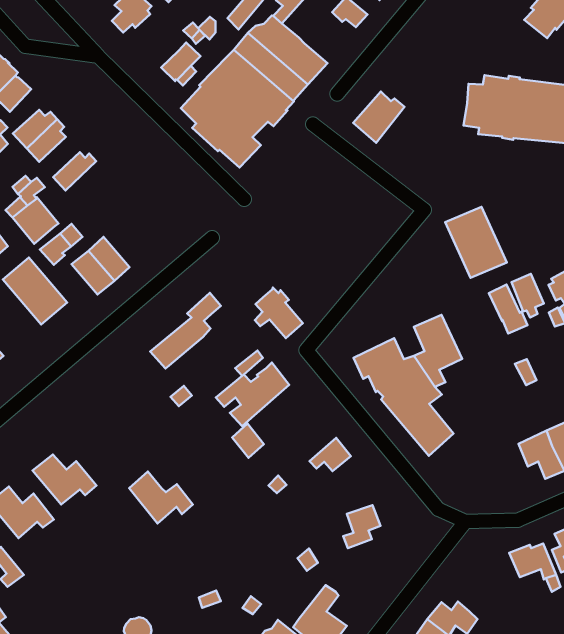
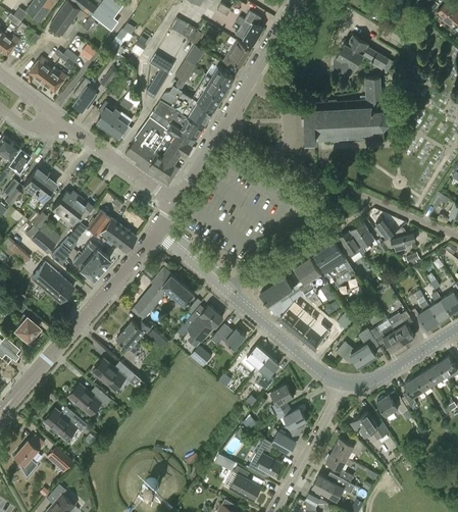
building: none -> [98,101,122,131]
building: [353,92,404,143] -> [197,79,227,111]
building: none -> [61,196,92,225]
building: none -> [88,211,136,252]
building: [445,207,507,278] -> [313,242,356,288]
building: [255,287,303,338] -> [161,273,193,304]
building: none -> [116,320,150,354]
building: none -> [211,324,245,349]
building: none -> [337,328,378,367]
building: none -> [254,356,278,391]
building: [129,472,193,523] -> [93,359,135,391]
building: none -> [271,406,306,453]
building: none -> [351,412,388,440]

